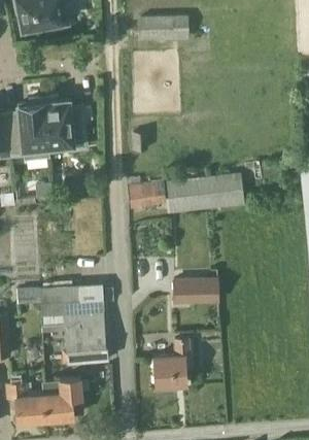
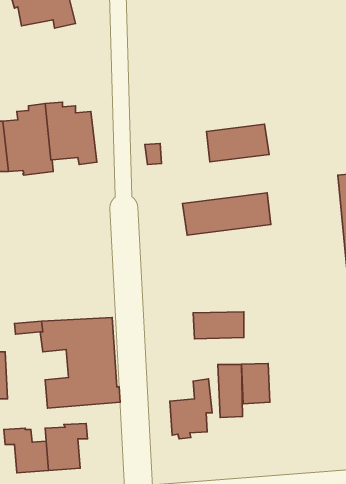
building: [139,16,187,41] -> none
building: none -> [207,124,269,162]
building: [127,187,164,209] -> none
building: none -> [241,363,270,404]

